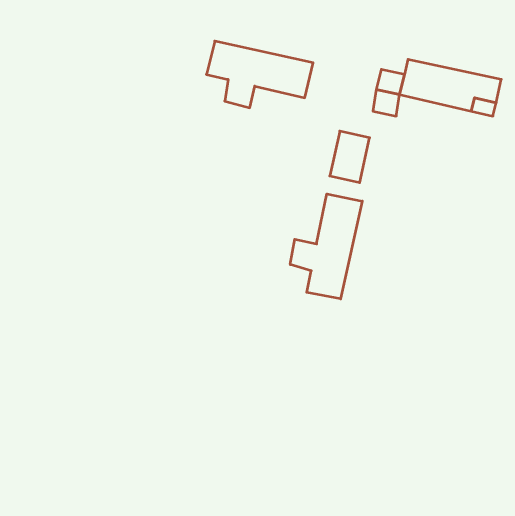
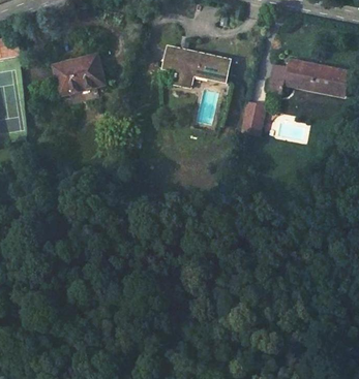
building: none -> [53,54,106,95]
building: [290,194,362,299] -> none

